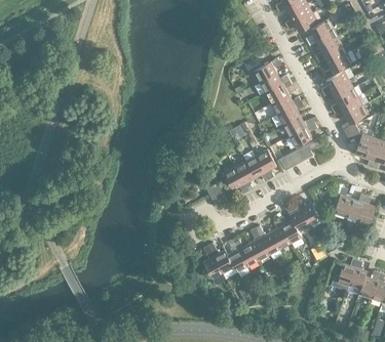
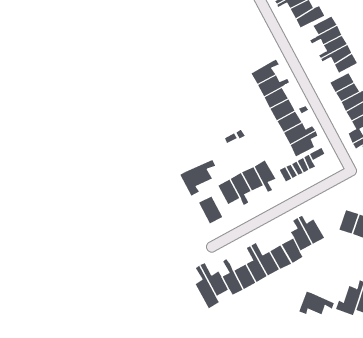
building: none -> [180,159,216,196]
building: none -> [299,291,334,315]

